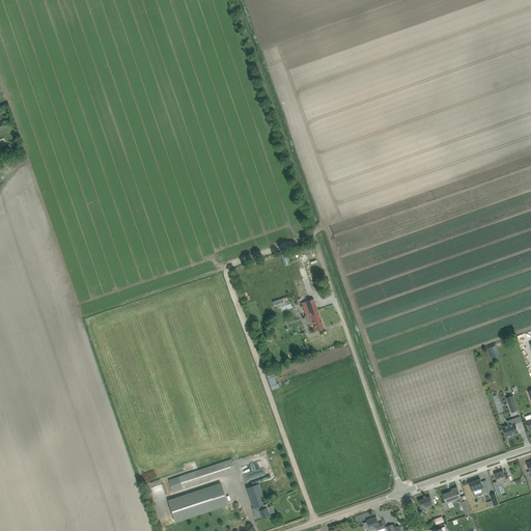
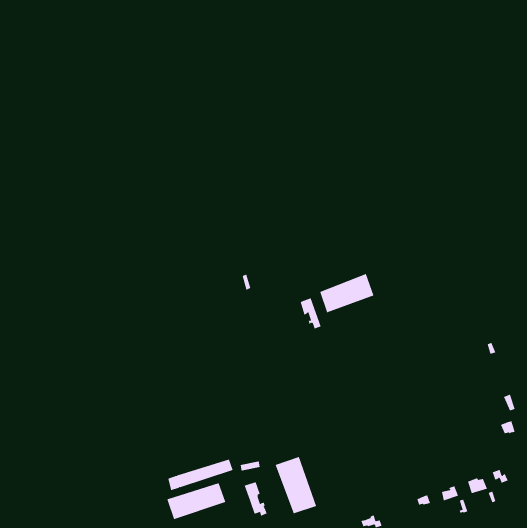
building: none -> [319,273,374,313]
building: none -> [275,456,317,514]

